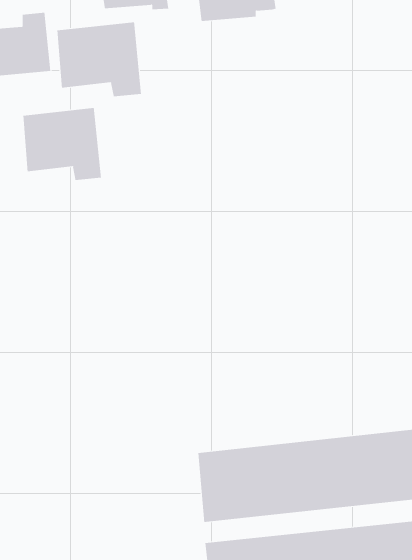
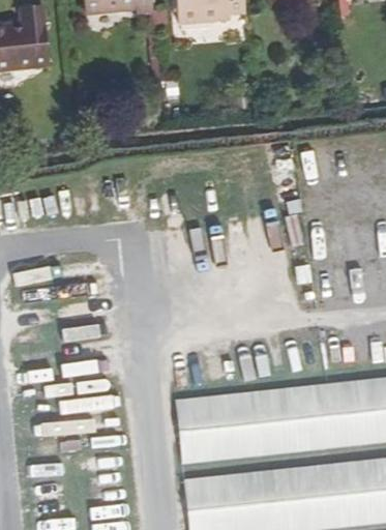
building: [57,21,142,97] -> none
building: [23,107,101,181] -> none

